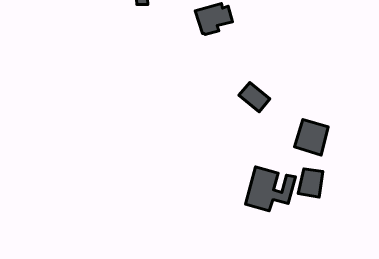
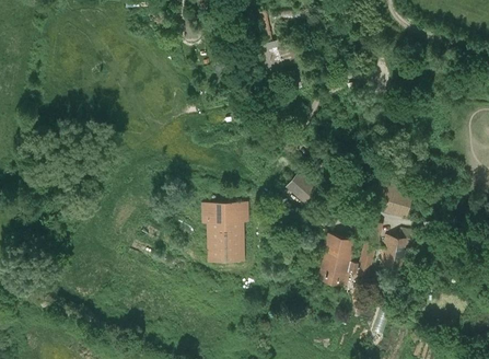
building: [239,82,270,112] -> [287,173,324,208]
building: none -> [200,201,247,260]

